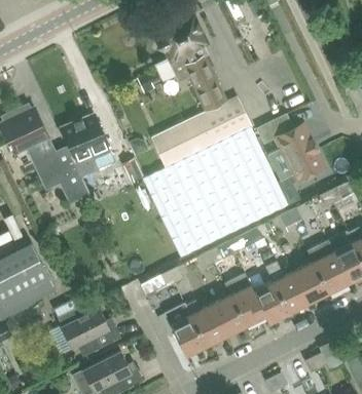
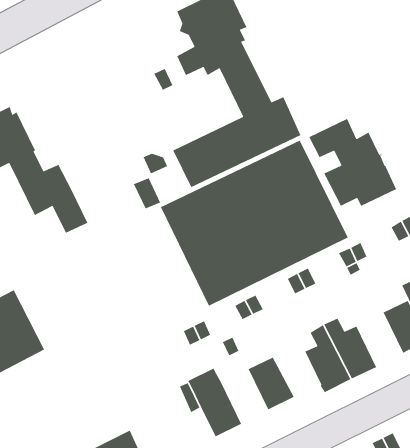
building: [61,114,112,194] -> none
building: [293,262,328,304] -> none
building: [224,274,265,326] -> none
building: [53,299,120,357] -> none
building: [185,301,225,347] -> none

